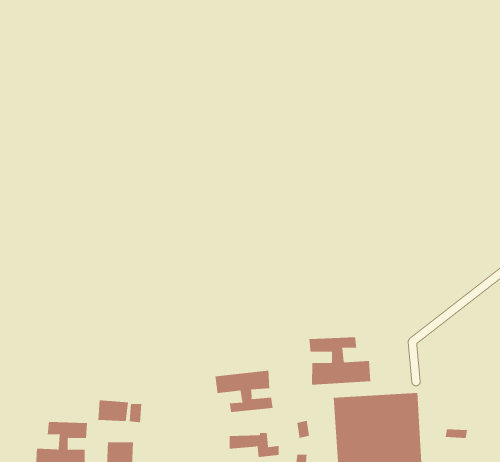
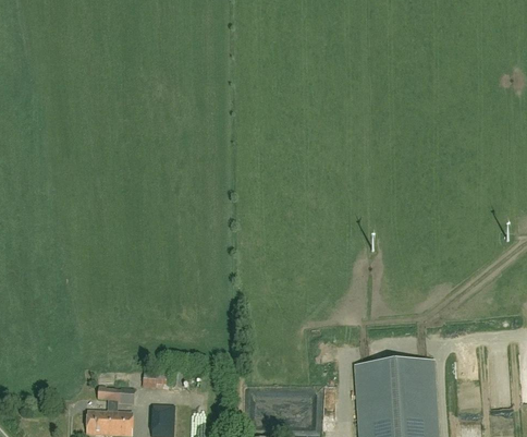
building: [309,336,371,385] -> none
building: [215,370,273,413] -> none

